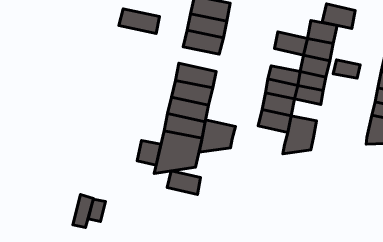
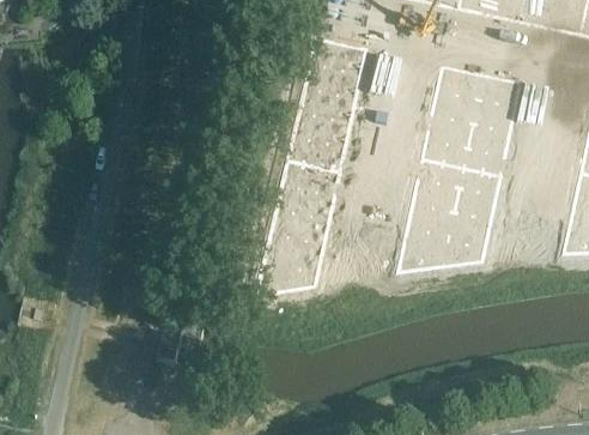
building: [322,4,355,29] -> [436,62,484,98]
building: [119,9,159,34] -> [292,110,351,146]
building: none -> [426,113,473,146]
building: [333,60,360,78] -> none
building: none -> [455,186,498,218]
building: [199,120,235,152] -> [397,225,450,272]
building: [137,140,161,165] -> none
building: [167,171,201,194] -> none
building: [73,195,93,228] -> none

